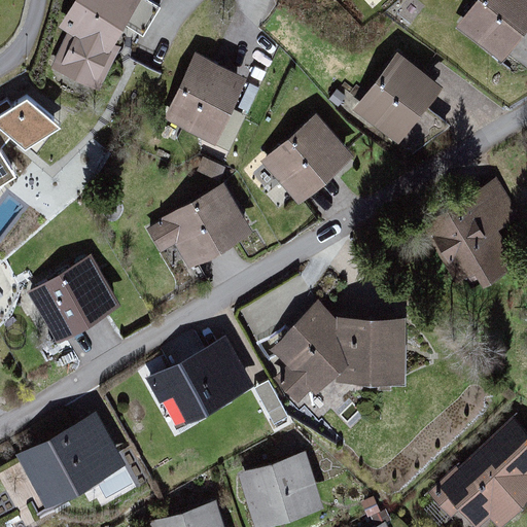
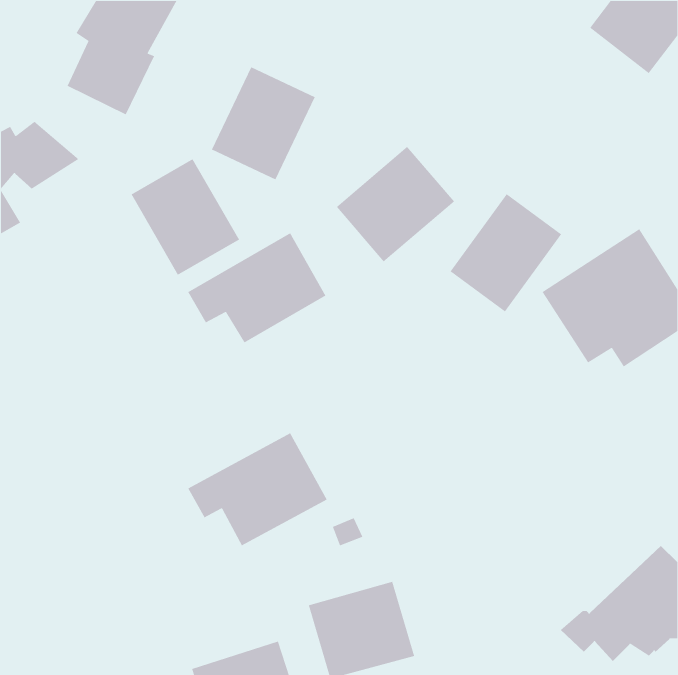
building: [354,50,442,143] -> [449,193,562,313]
building: none -> [130,158,240,276]
building: [28,254,122,343] -> none
building: [269,305,408,413] -> none
building: [15,413,126,513] -> none

